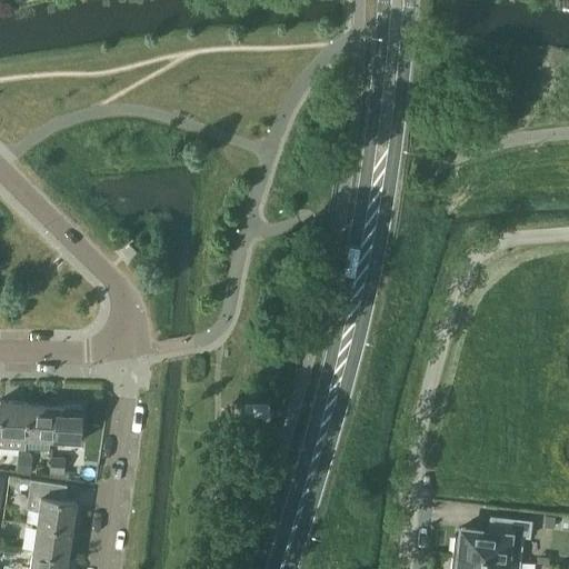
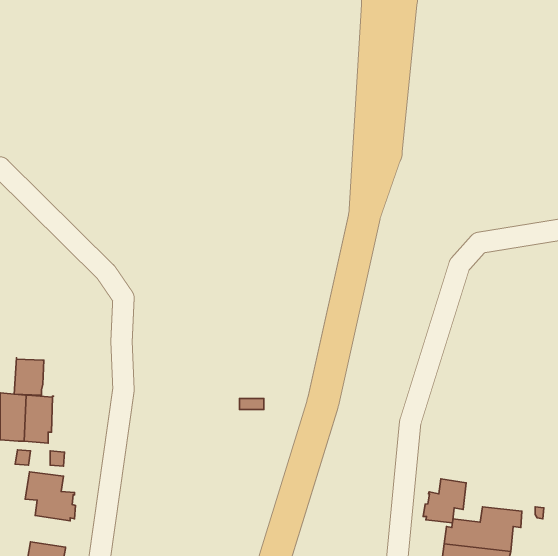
building: [53,406,83,445] -> [14,358,44,396]
building: none -> [423,479,466,523]
building: [32,527,72,559] -> none

